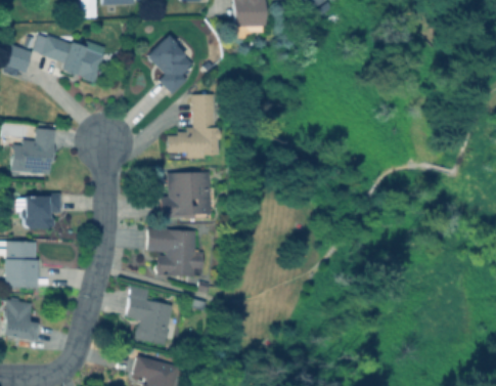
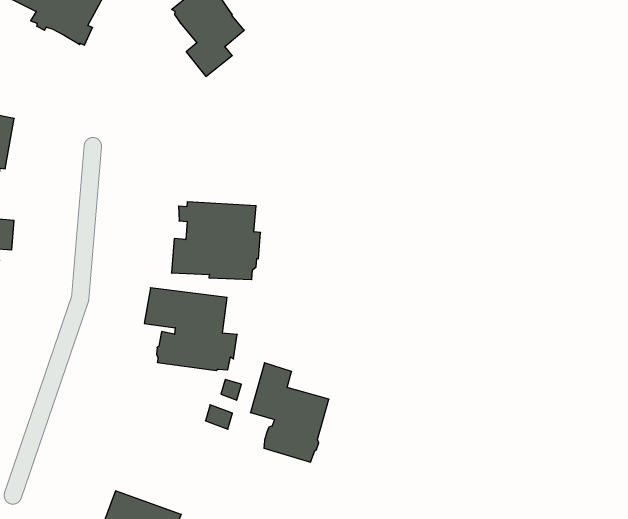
building: [167,93,219,159] -> none
building: [125,286,173,345] -> [250,363,329,462]

